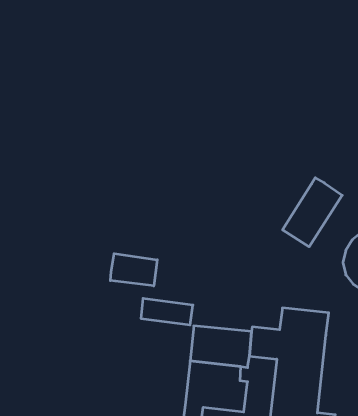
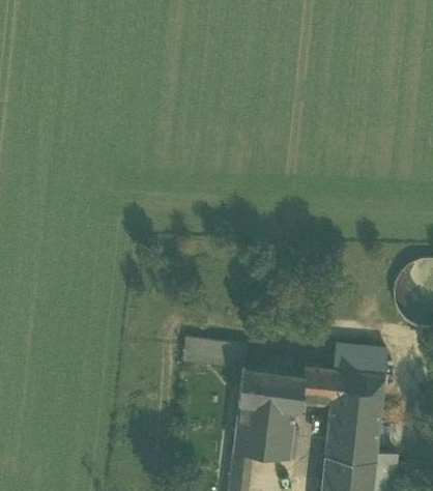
building: [283,178,342,247] -> none
building: [110,254,157,286] -> none

